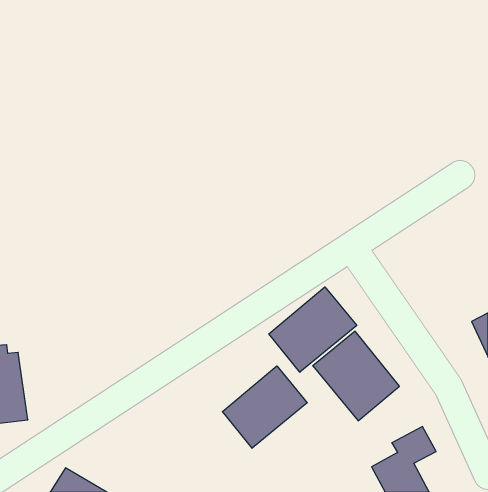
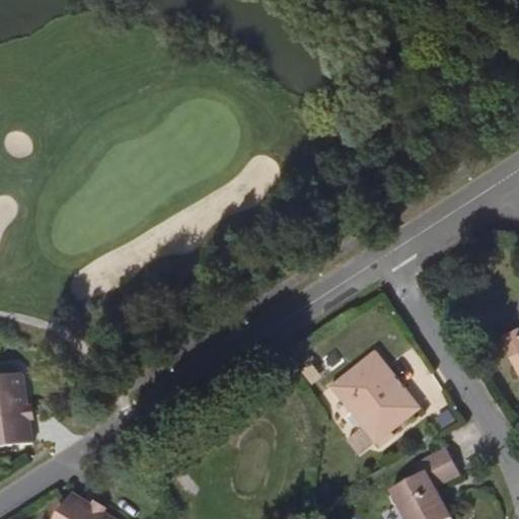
building: [269,287,357,372] -> none
building: [222,366,307,448] -> none

